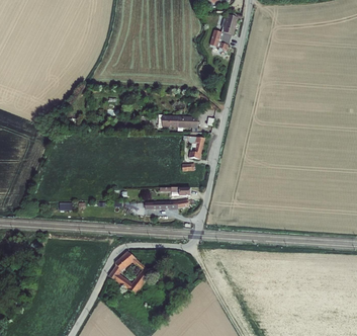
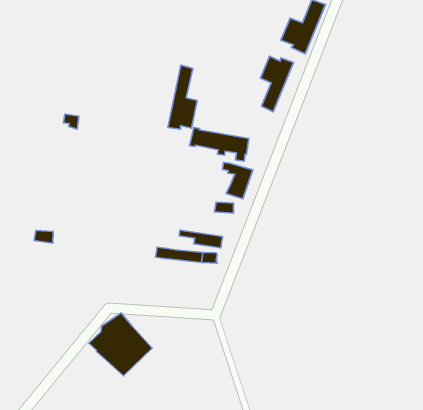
building: none -> [260,56,294,112]
building: none -> [168,65,197,129]

